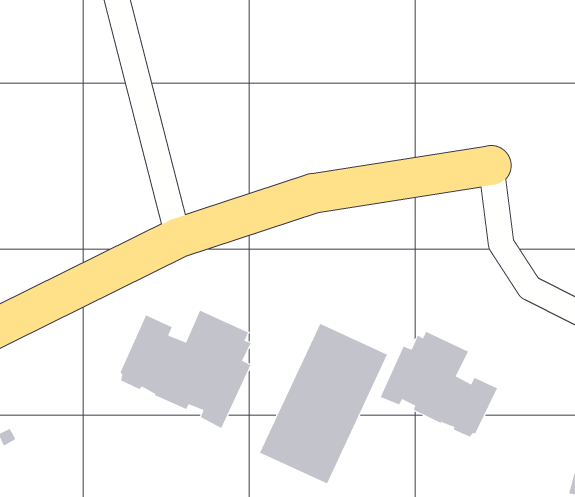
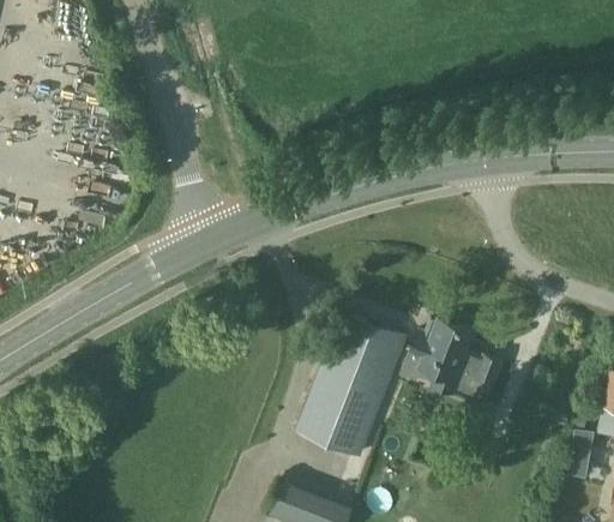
building: [120,310,251,429] -> none

